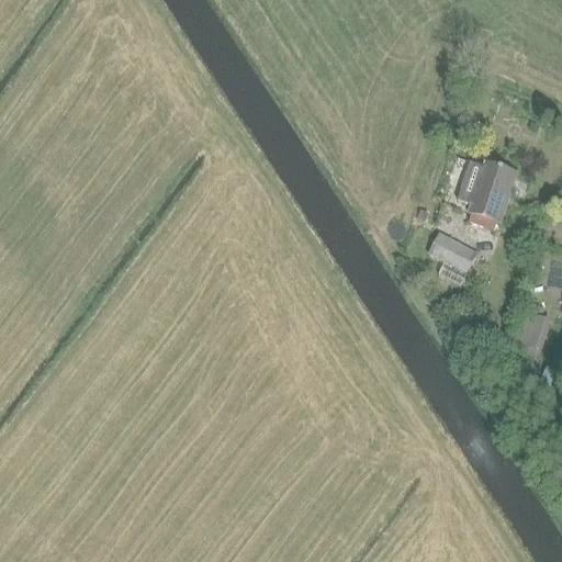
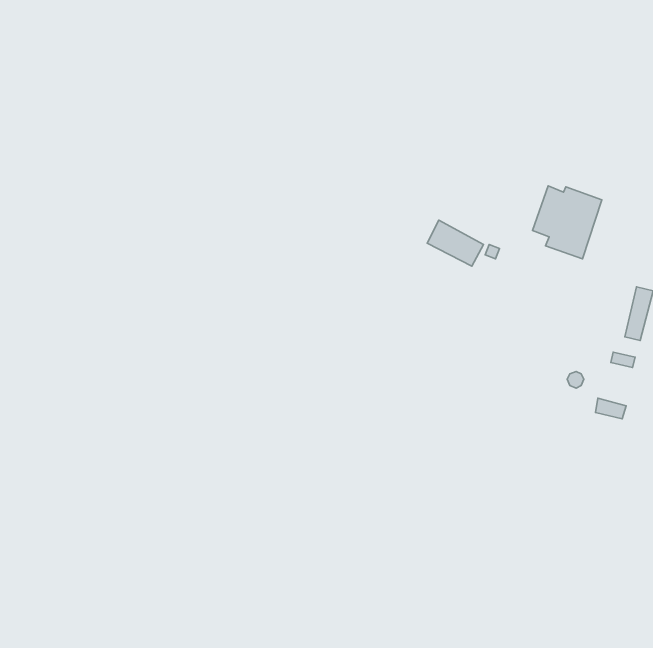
building: [429,232,477,271] -> [427,220,483,266]

